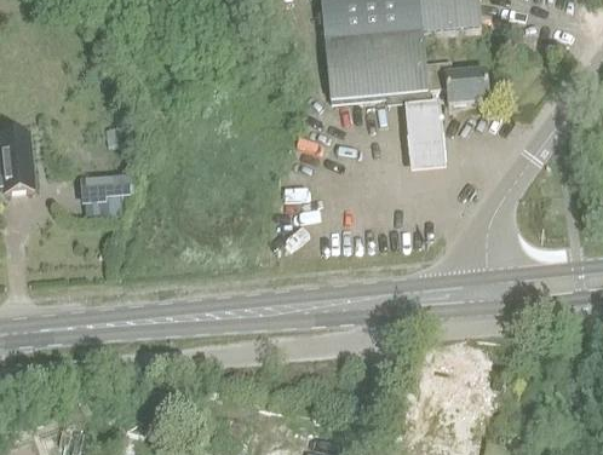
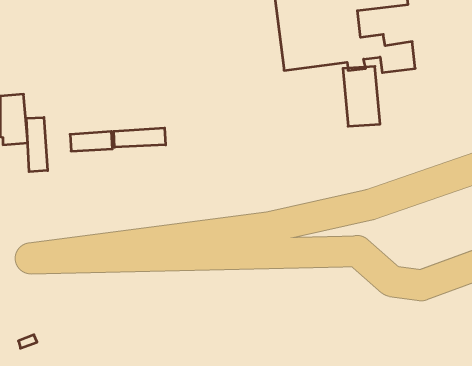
building: none -> [27,117,48,172]
building: none -> [114,128,166,147]

